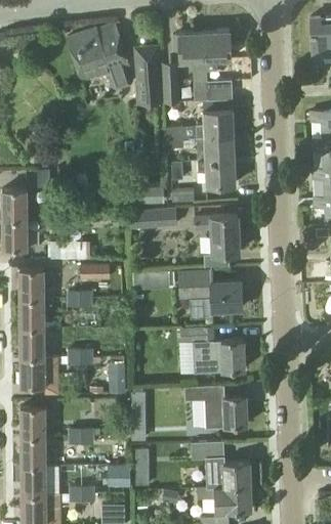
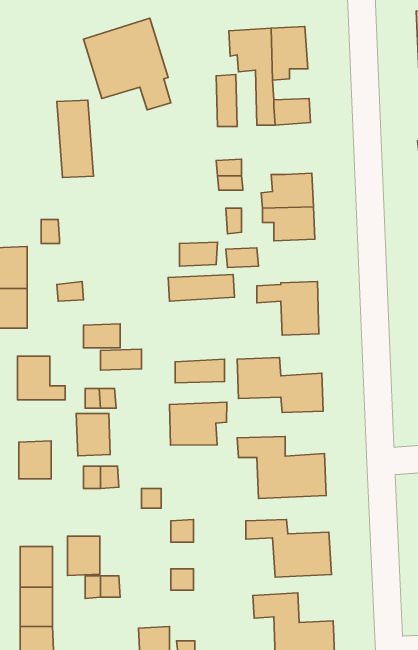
building: [135,48,162,104] -> [57,100,93,178]
building: [196,110,234,138] -> none
building: [19,301,44,332] -> [76,414,110,456]
building: none -> [169,402,227,445]
building: [20,358,44,387] -> [67,536,100,576]

